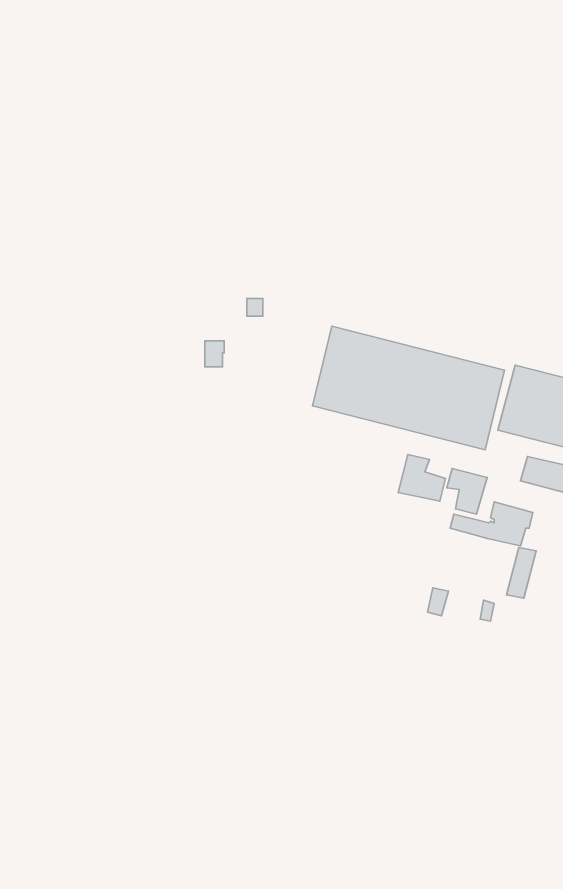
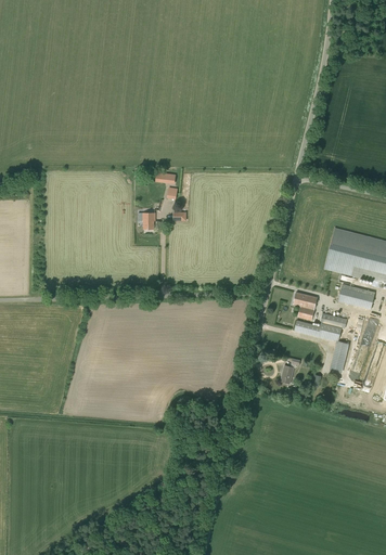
building: [312,326,504,450] -> none
building: [398,454,445,501] -> none

